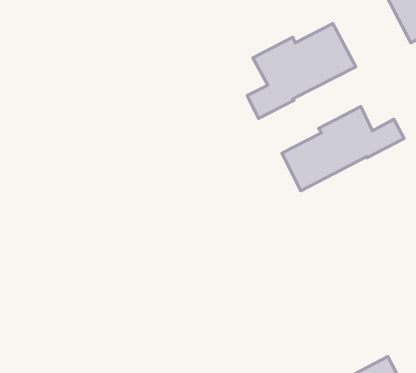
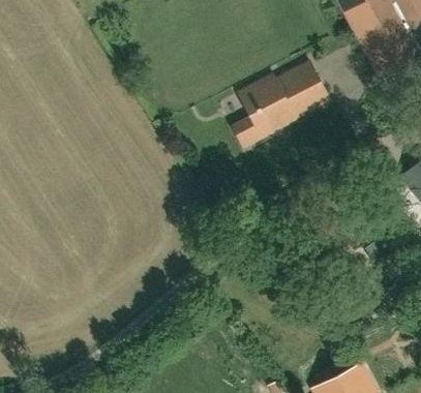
building: [282,107,404,191] -> none

